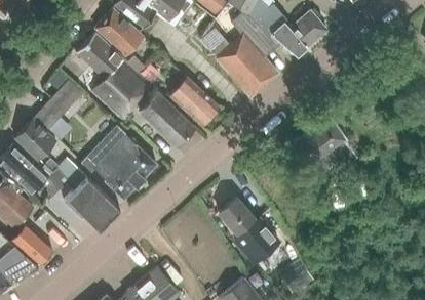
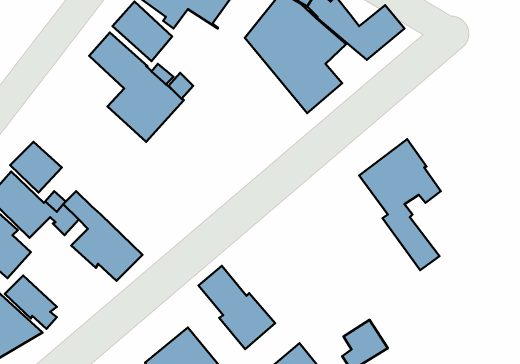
building: [169,76,219,125] -> none
building: [34,81,81,129] -> none
building: [140,91,194,145] -> none
building: [79,128,155,196] -> none
building: [217,197,277,262] -> [199,266,275,349]

